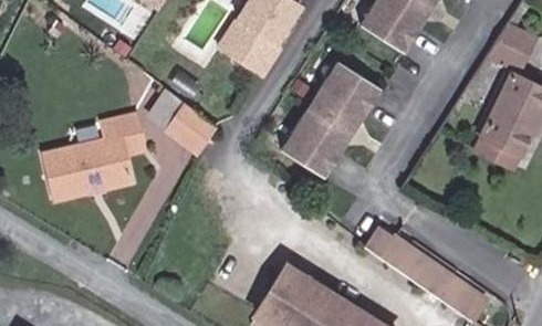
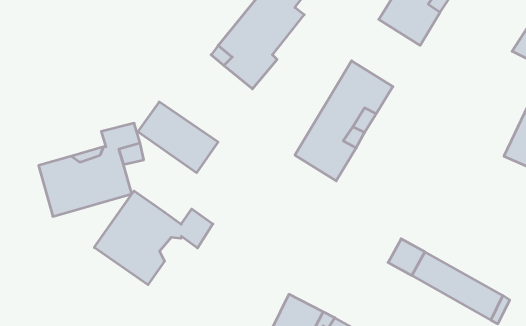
building: none -> [94,191,213,285]

